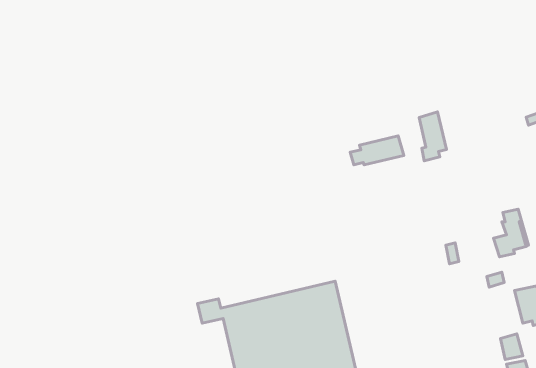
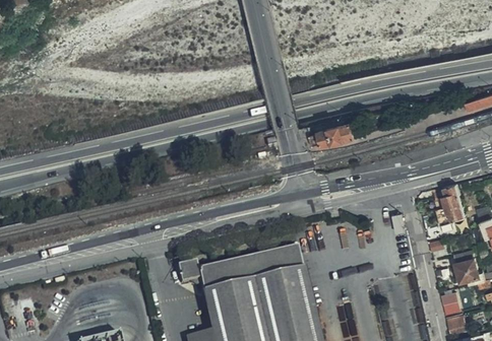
building: [419,112,447,161] -> none

